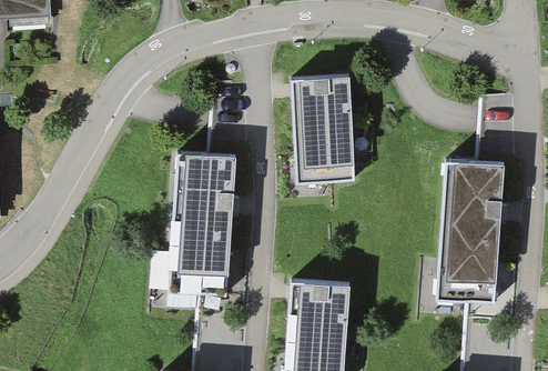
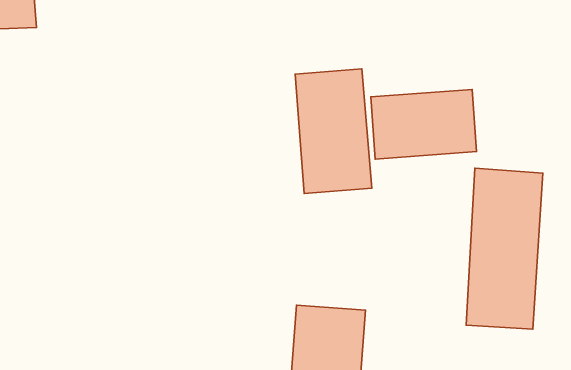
building: none -> [371,89,476,159]
building: [169,151,236,293] -> none

